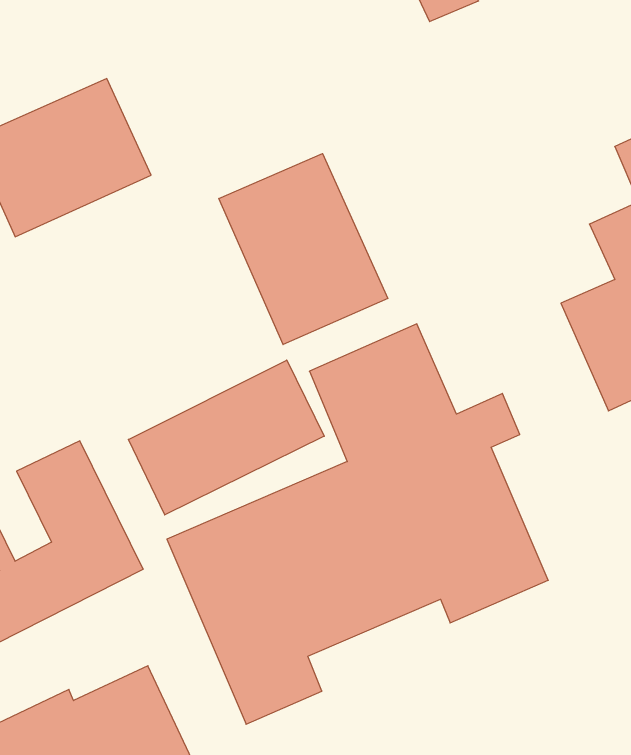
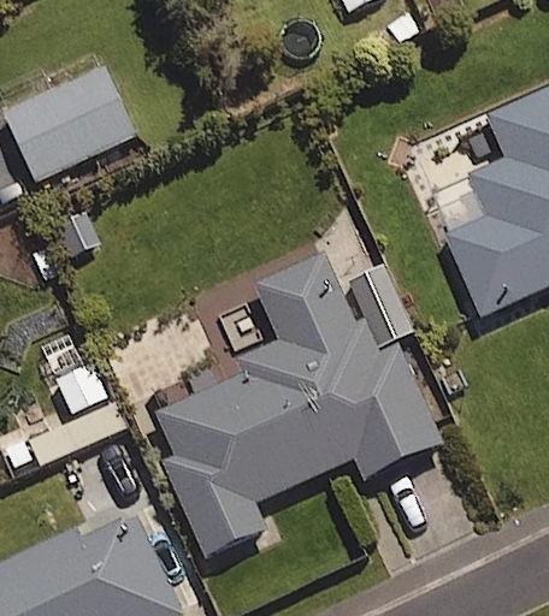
building: [219,154,388,345] -> none
building: [128,360,324,515] -> none

